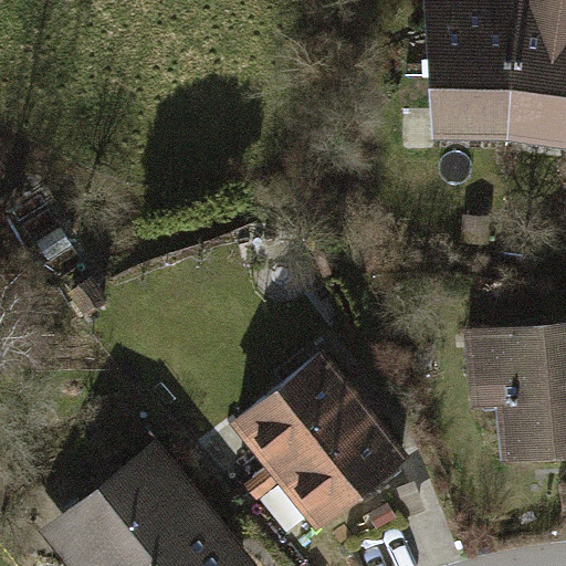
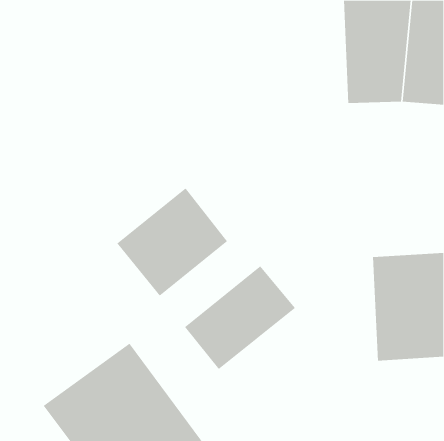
building: none -> [116,188,228,297]
building: [275,397,416,528] -> none

